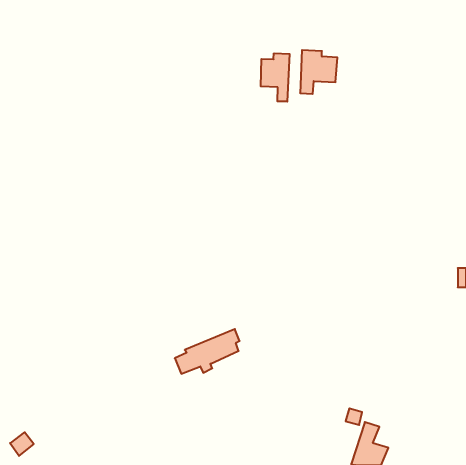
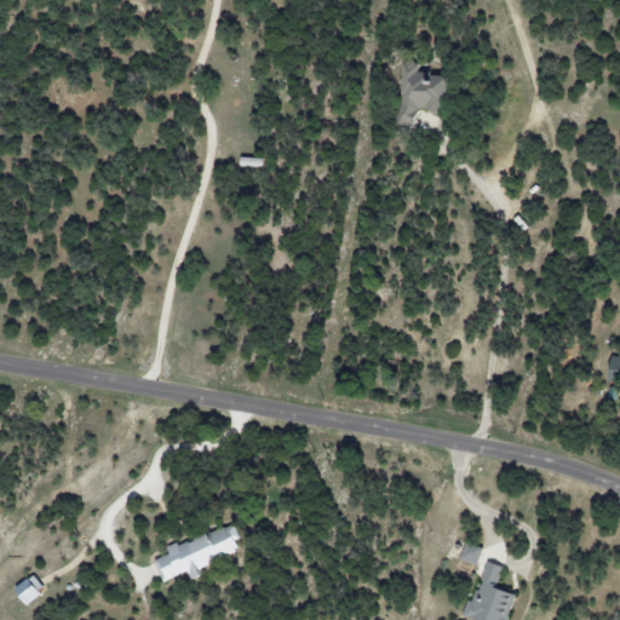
building: [261,53,290,102] -> none
building: [175,329,240,374] -> [154,522,240,581]

